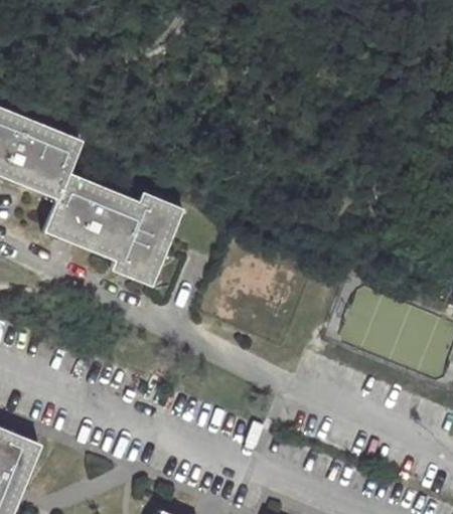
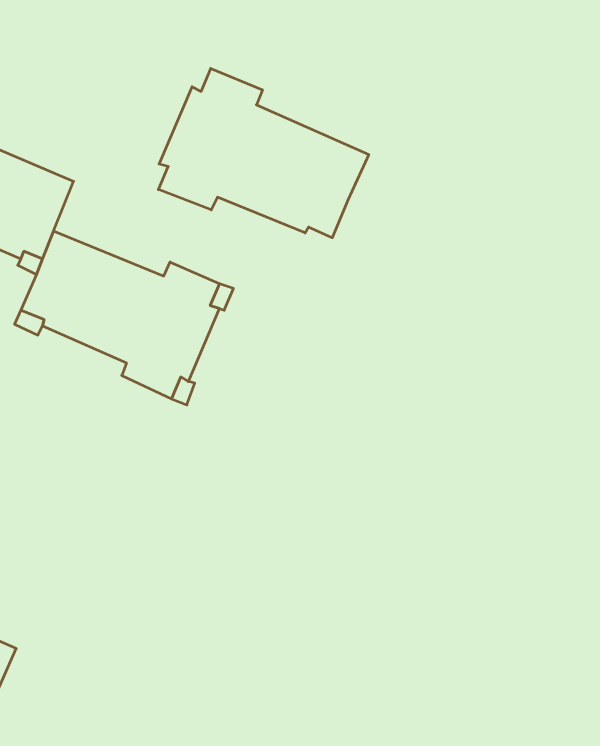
building: none -> [158,68,369,238]

